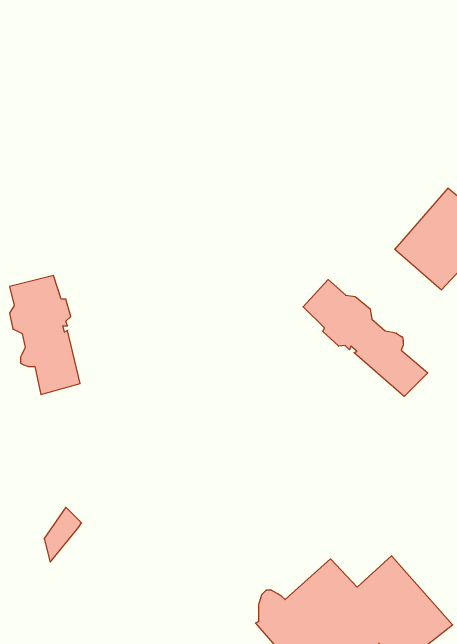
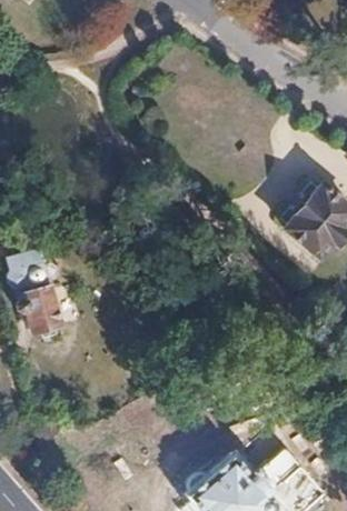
building: [303,280,428,396] -> none

